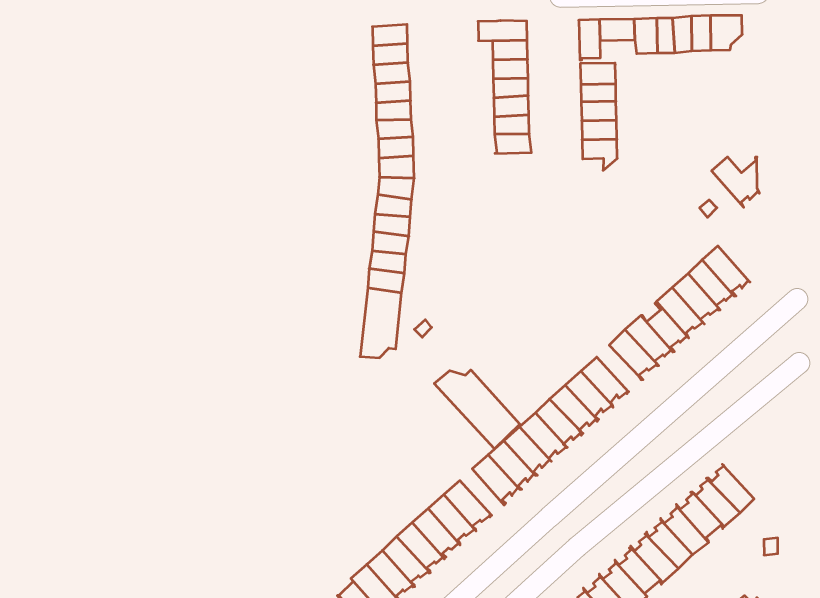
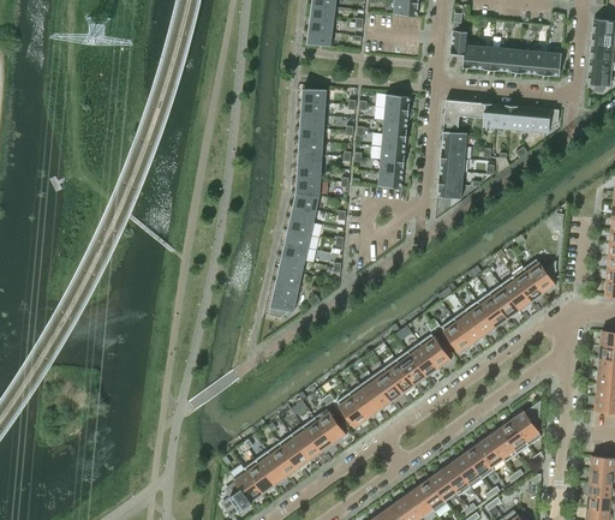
building: [712,157,759,207] -> [524,258,556,294]
building: [434,370,520,449] -> none
building: none -> [509,400,541,444]

